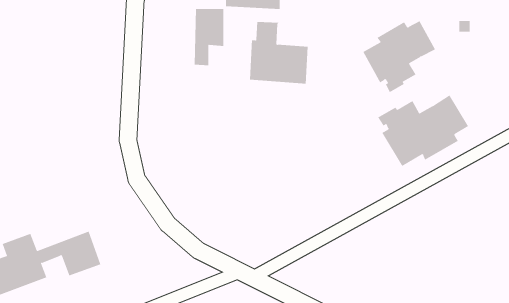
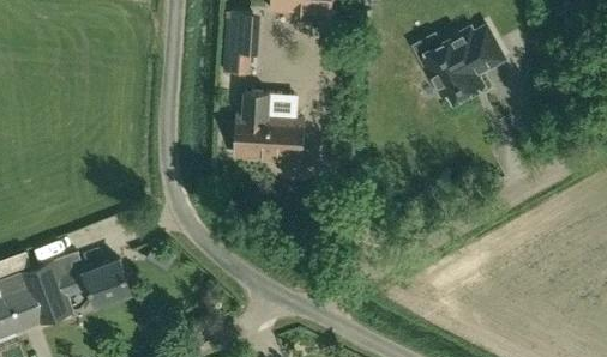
building: [249,22,308,84] -> [235,90,301,159]
building: [378,94,469,167] -> none

